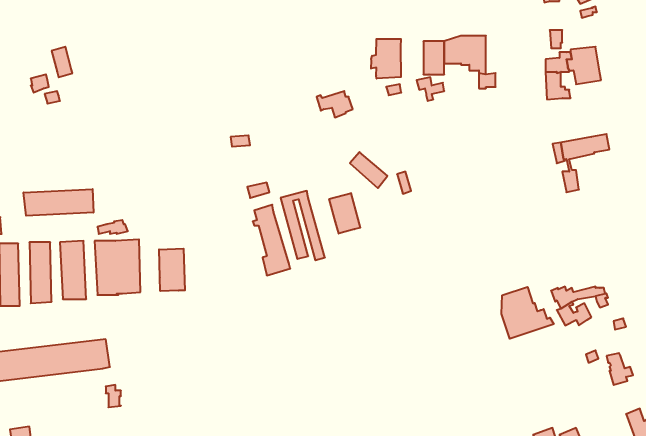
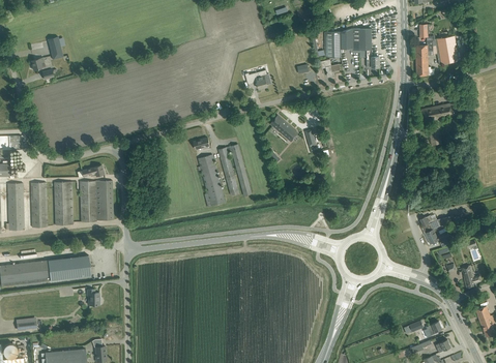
building: [371,39,401,79] -> none
building: [24,189,93,216] -> none
building: [329,193,360,234] -> none
building: [159,249,185,291] -> none
building: [501,287,554,339] -> none

